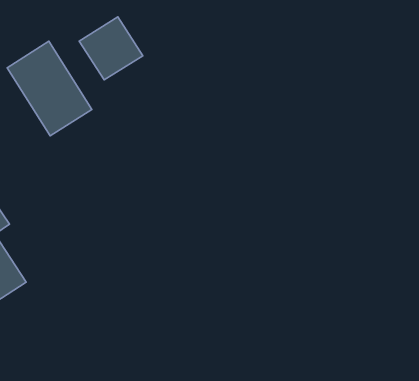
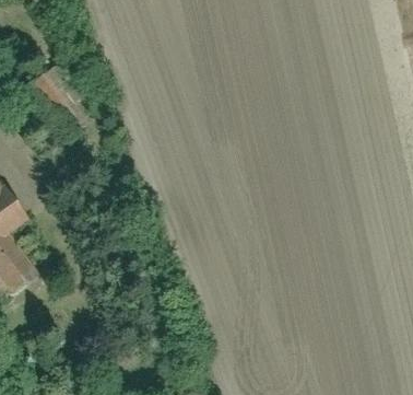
building: [79,17,143,80] -> none

